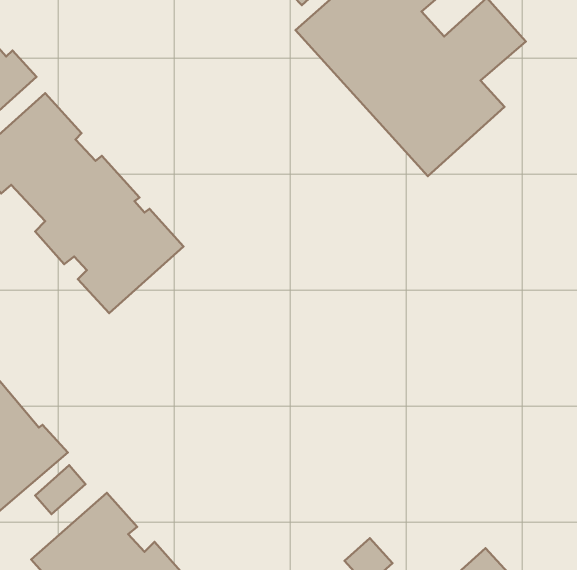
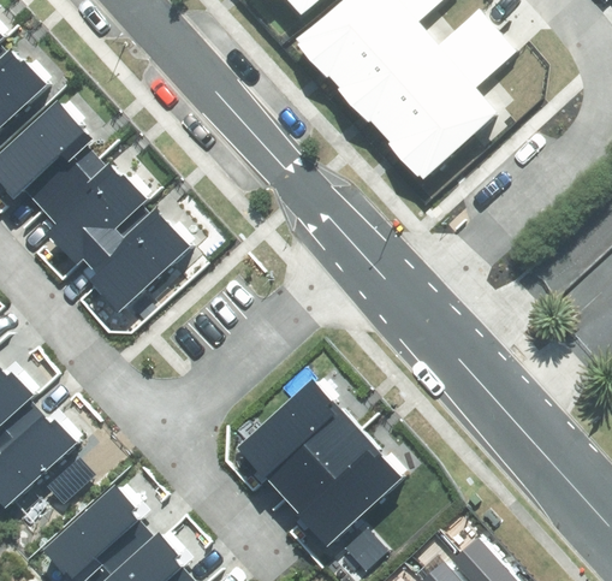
building: none -> [234,378,402,547]

